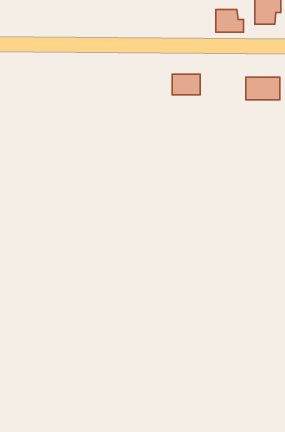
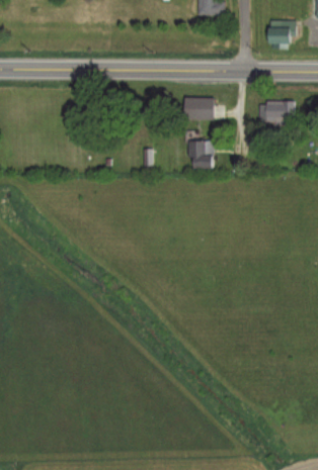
building: [216,9,243,32] -> none
building: none -> [189,142,213,168]

